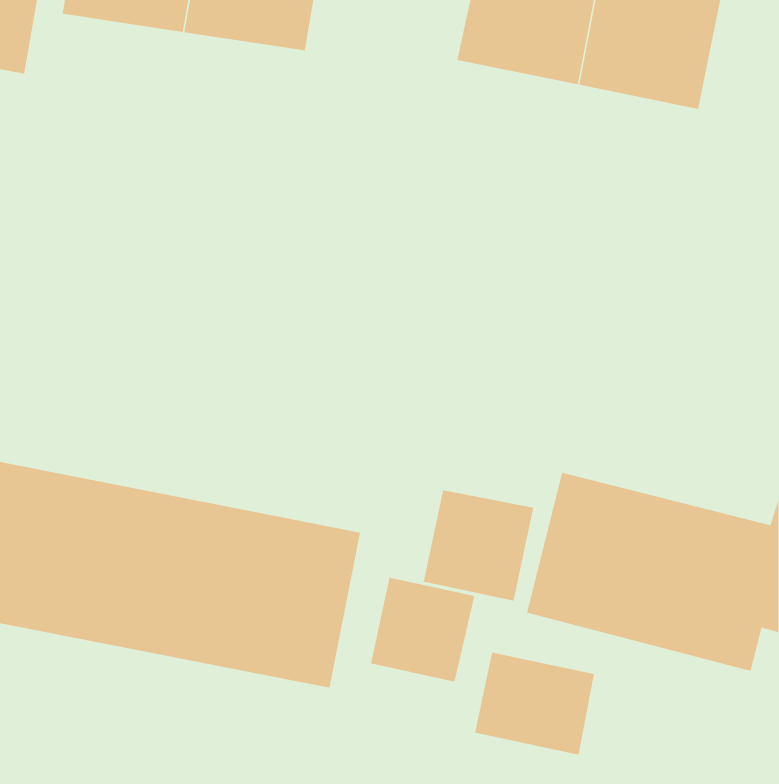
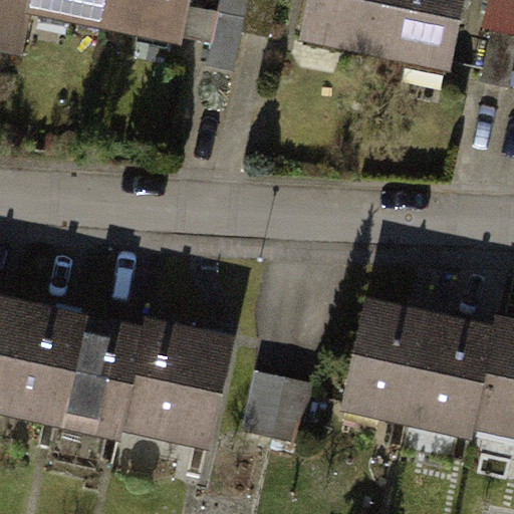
building: [423,489,534,601] -> none
building: [475,652,594,755] -> none

